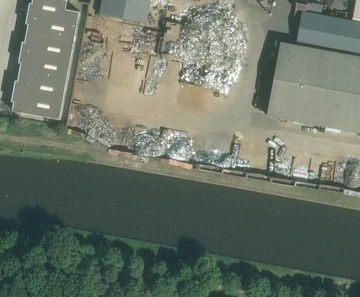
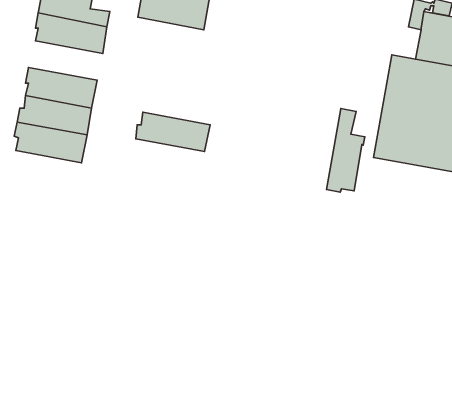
building: [21,32,74,60] -> [136,112,210,151]
building: none -> [326,108,365,192]

